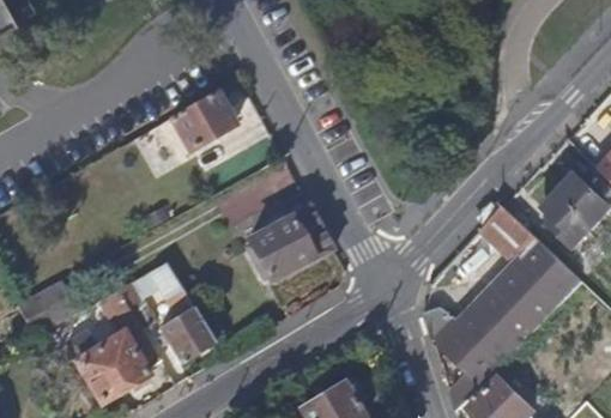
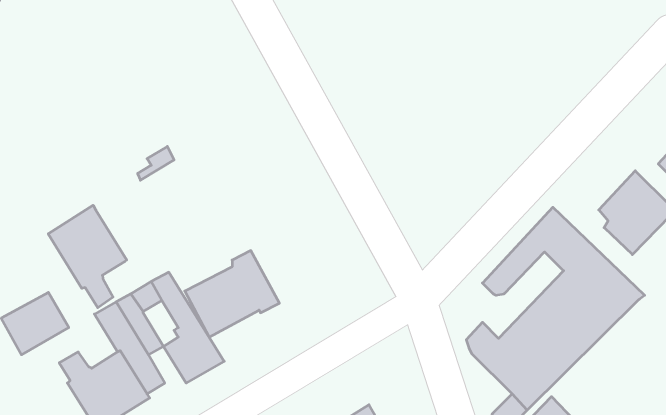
building: [167,87,231,150] -> none
building: [247,204,331,280] -> [185,251,279,337]
building: none -> [48,205,127,308]

